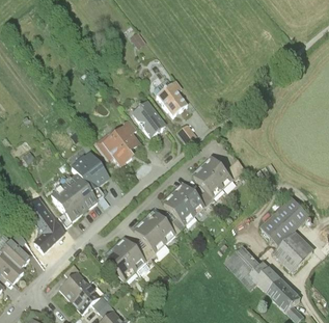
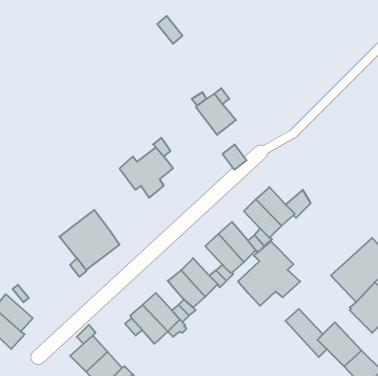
building: [132,100,166,136] -> none
building: [72,153,108,190] -> none
building: none -> [238,241,300,306]
building: [26,198,63,251] -> none

